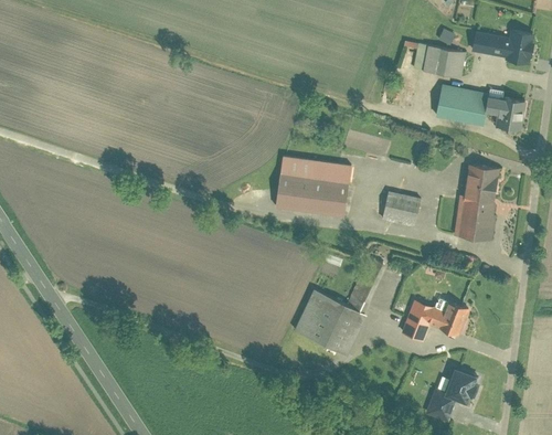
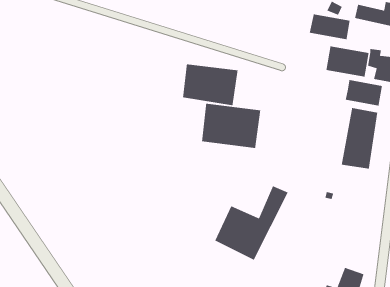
building: none -> [182,63,238,106]
building: none -> [345,79,383,106]
building: [382,192,421,226] -> none
building: [400,297,470,342] -> none

